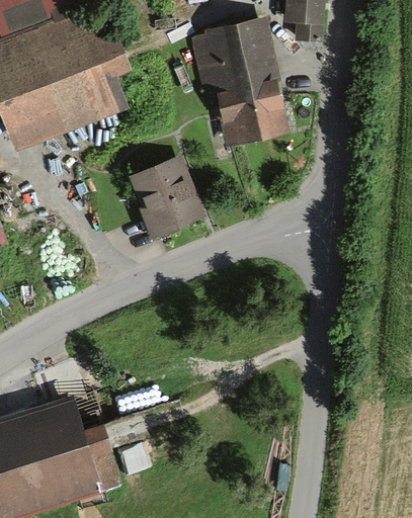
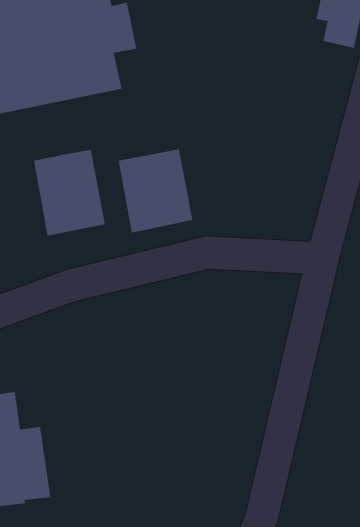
building: [190,20,292,150] -> none
building: none -> [33,149,106,236]

